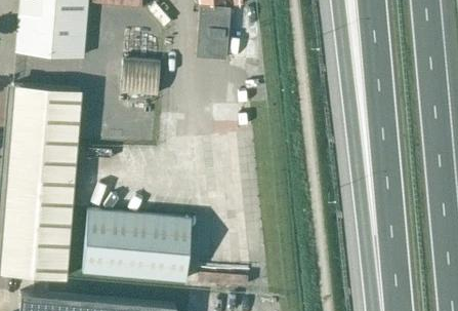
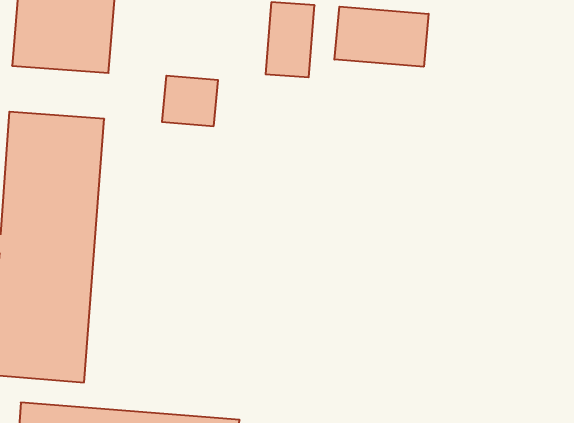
building: none -> [334,7,429,67]
building: [83,210,192,282] -> none

